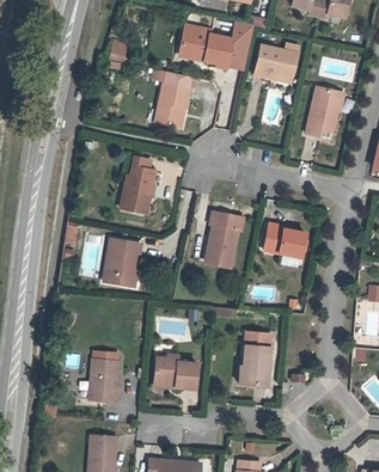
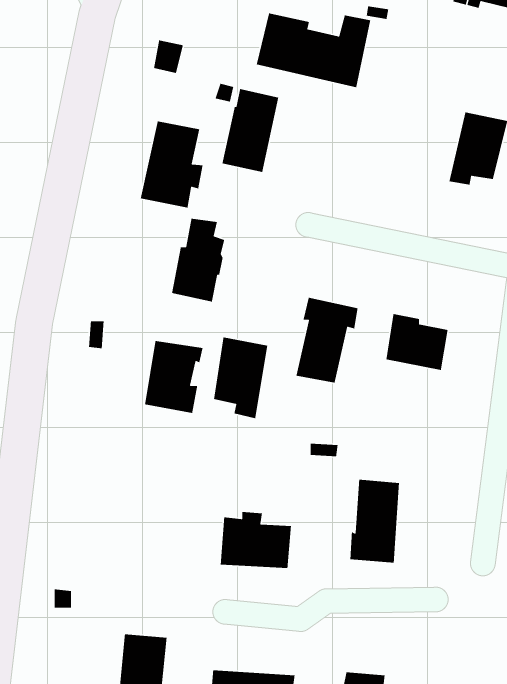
building: [252,42,301,84] -> none
building: none -> [140,121,204,208]
building: none -> [213,337,268,419]
building: [87,350,122,403] -> none

